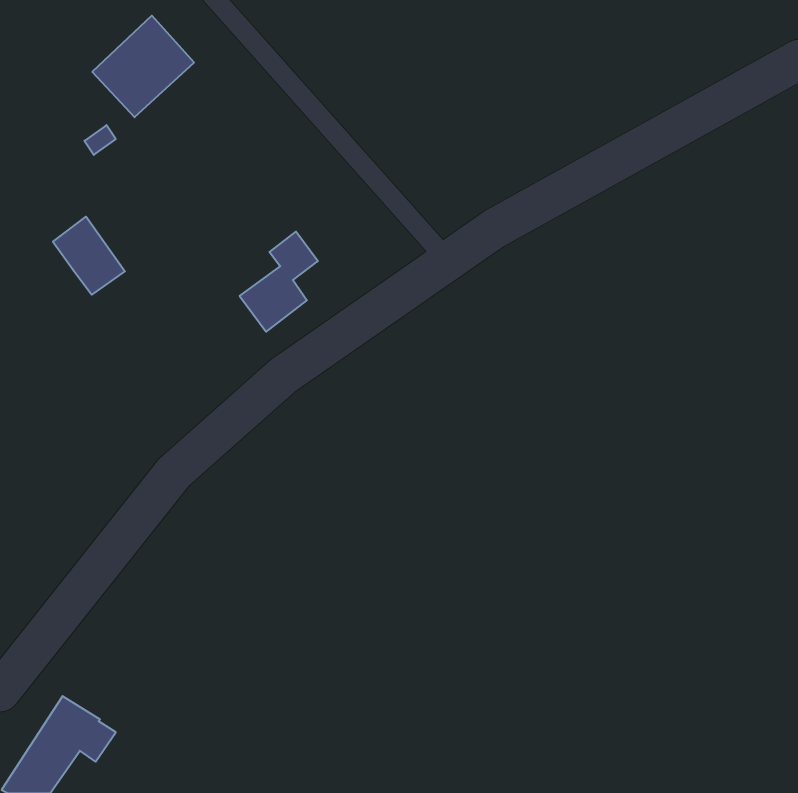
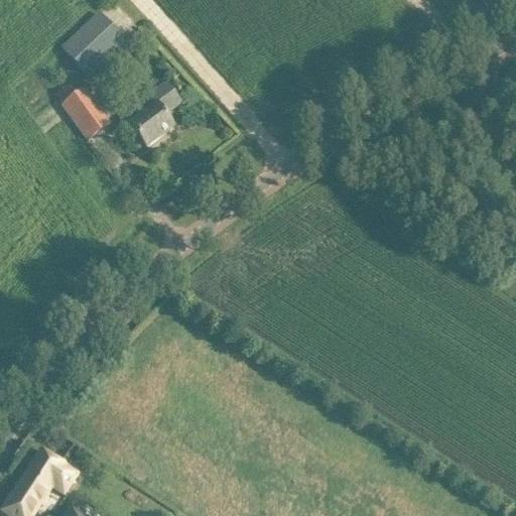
building: [53,217,125,295] -> [63,88,110,138]
building: [240,232,318,332] -> [130,82,180,146]

